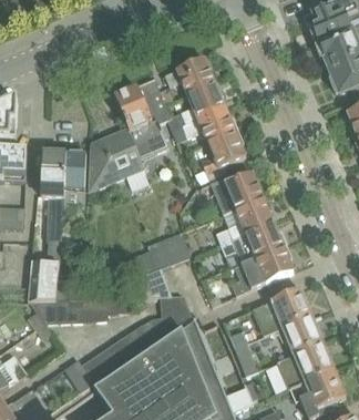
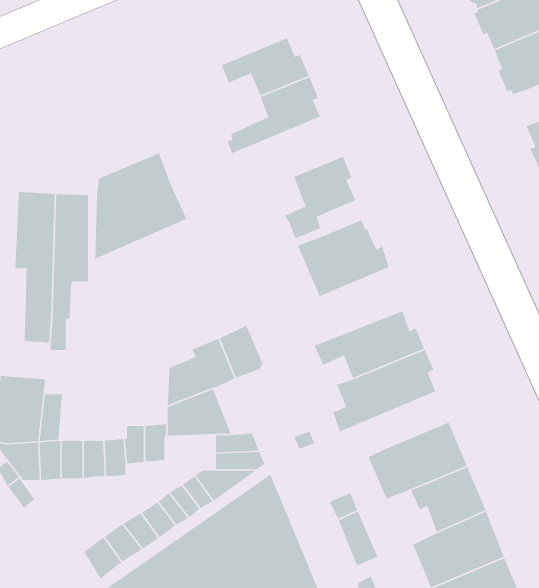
building: [114,79,171,157] -> none
building: [171,106,237,142] -> none
building: [215,196,273,243] -> none

